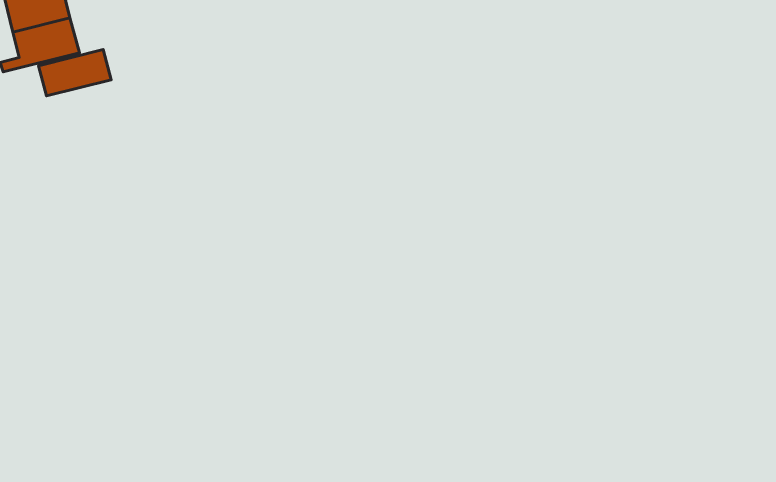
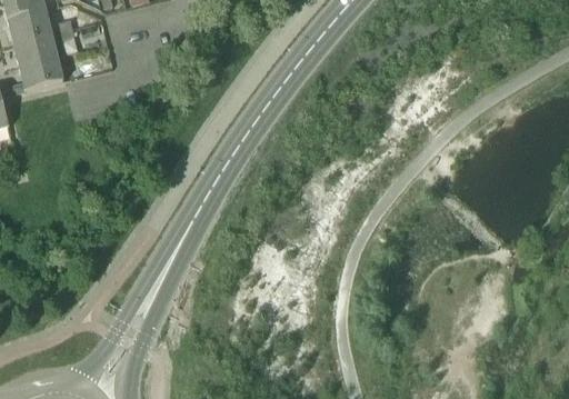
building: [39,50,111,96] -> none

